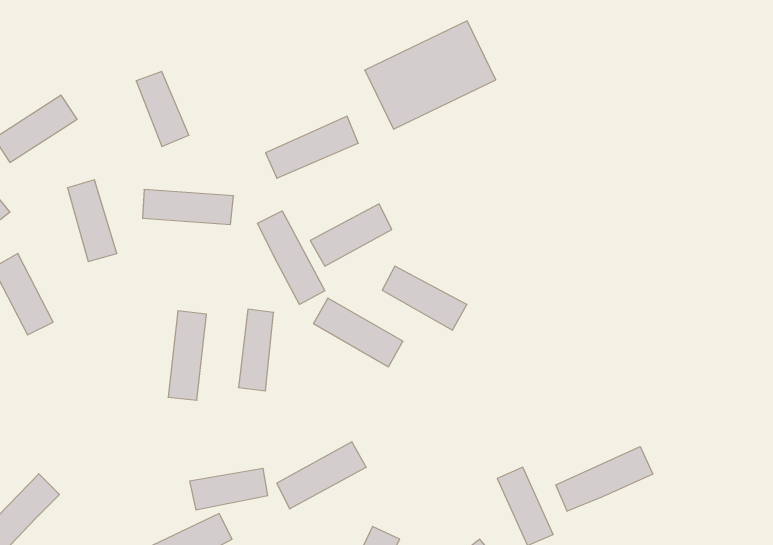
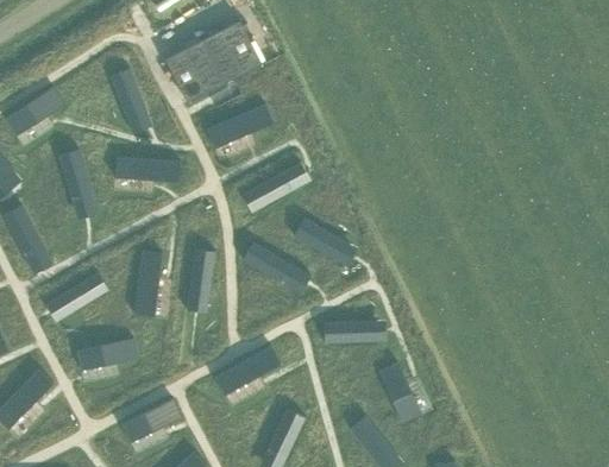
building: [365,21,496,129] -> [165,23,263,103]
building: [258,211,325,304] -> none
building: none -> [46,271,107,320]
building: none -> [324,318,381,341]
building: [556,447,653,511] -> none
building: [190,468,268,510] -> [79,339,137,370]

